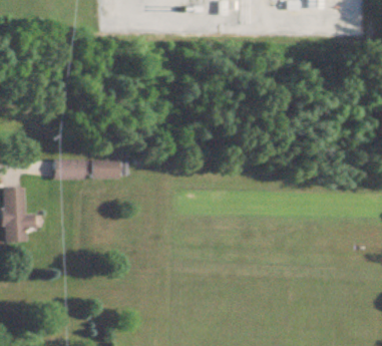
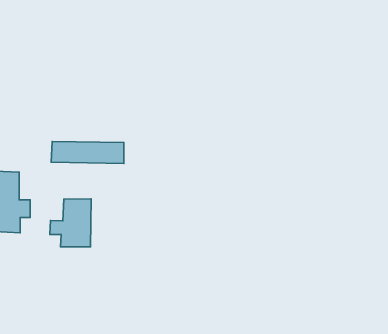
building: none -> [50,199,91,247]

